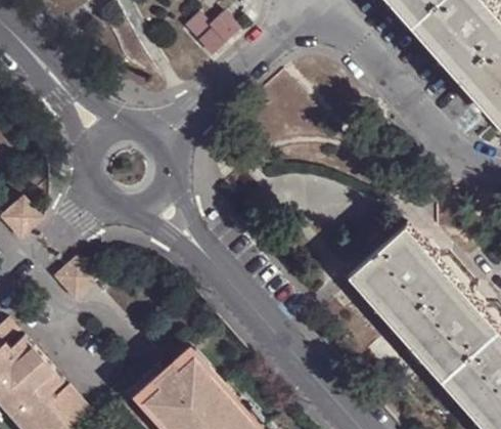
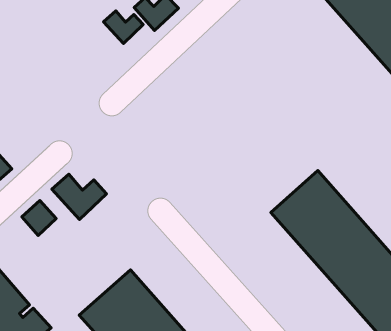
building: none -> [104,11,143,43]
building: none -> [52,174,106,219]

